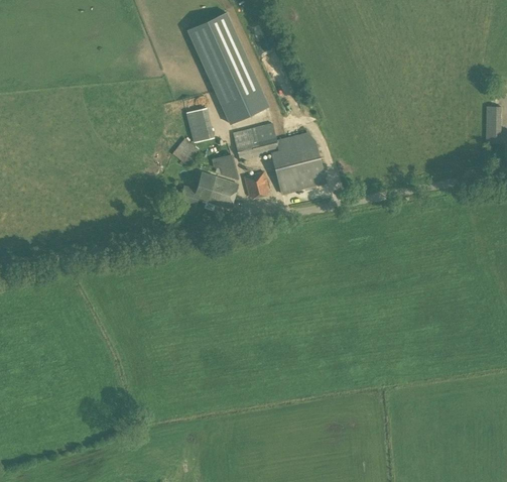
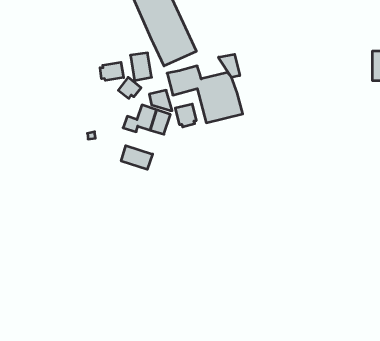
building: none -> [219,54,240,78]
building: none -> [100,62,124,80]
building: none -> [121,146,153,169]

